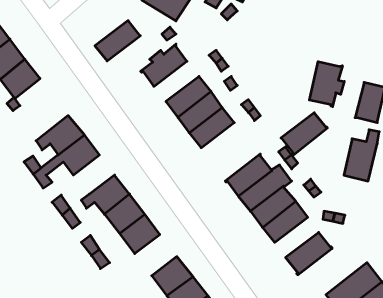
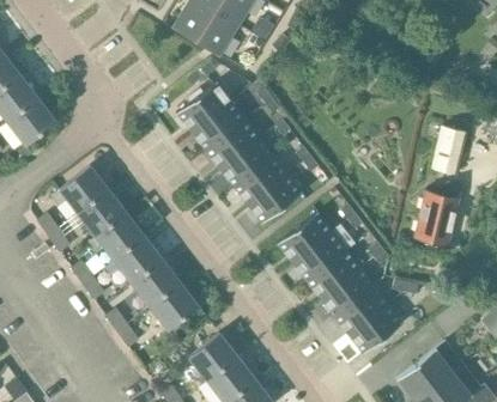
building: [95,21,140,61] -> [190,100,244,148]
building: [309,62,344,107] -> none
building: [281,113,327,155] -> [247,173,302,224]
building: none -> [89,212,144,258]
building: none -> [334,286,387,334]

